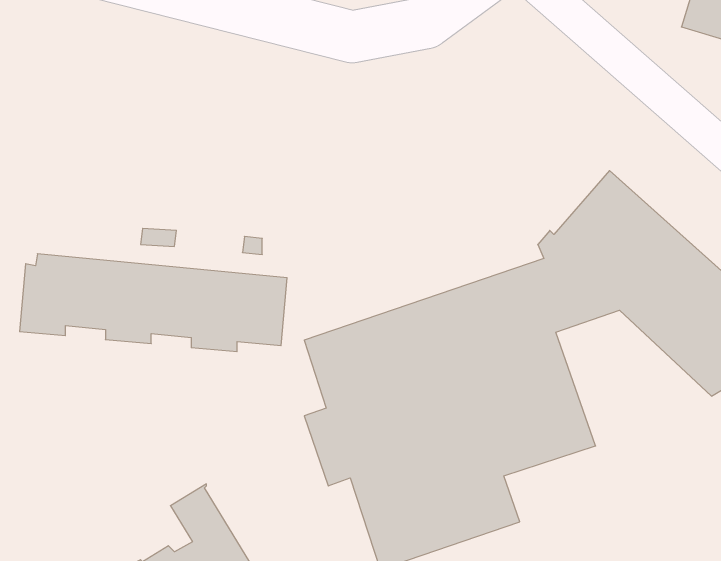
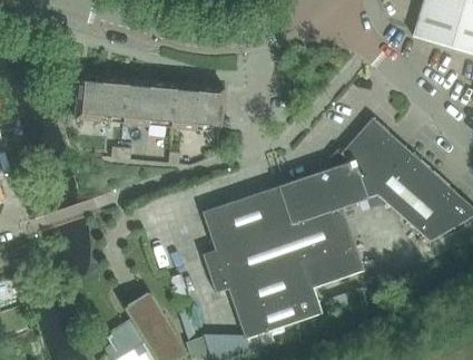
building: [20,254,287,352] -> [76,75,225,129]

